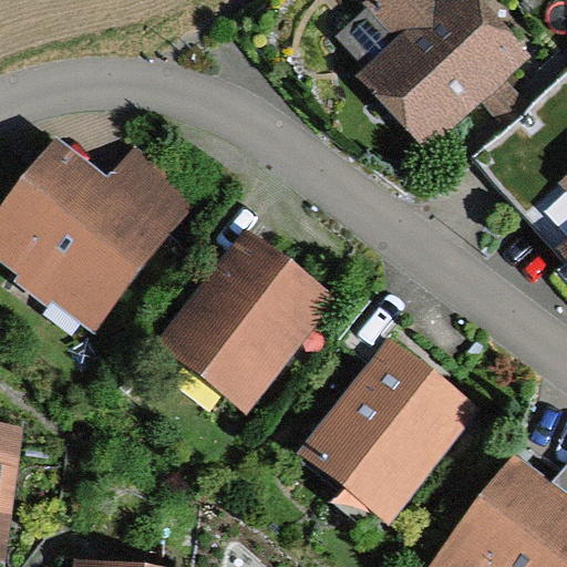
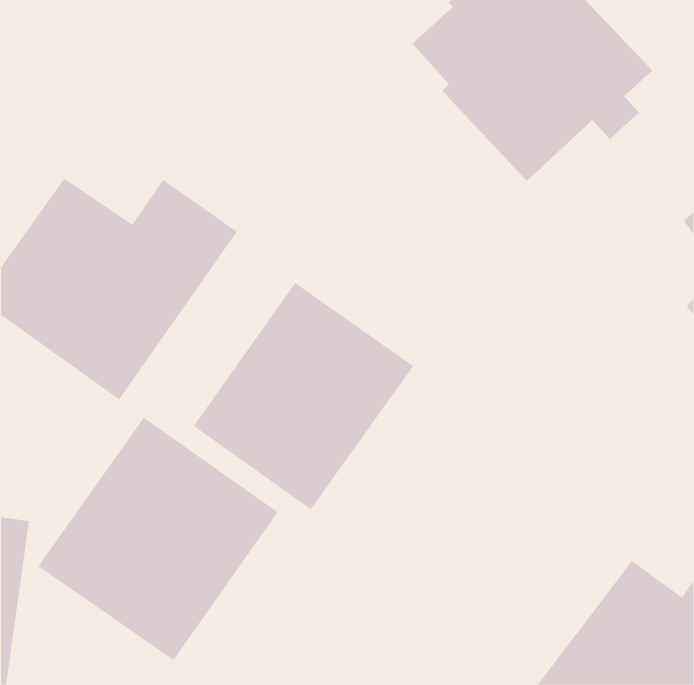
building: [297,340,475,523] -> none
building: none -> [38,417,278,661]

